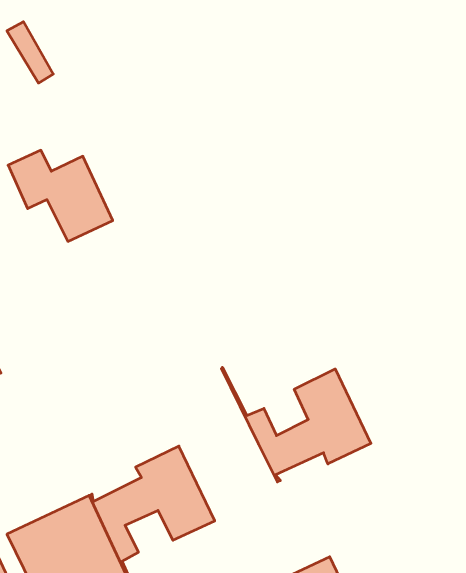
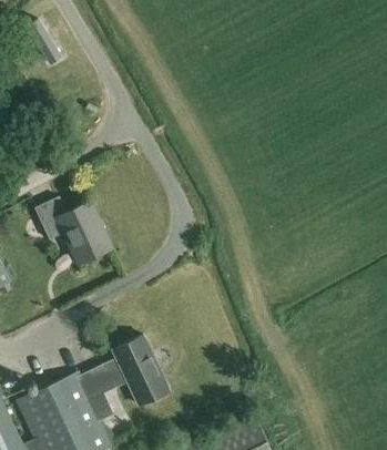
building: [8,150,113,241] -> [33,195,111,263]
building: [221,367,371,482] -> none

